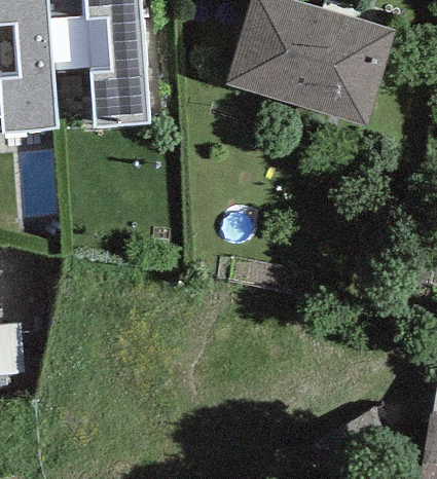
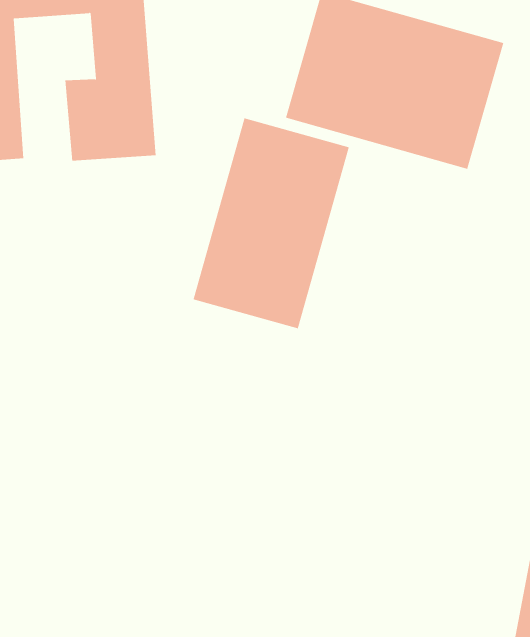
building: none -> [193,118,350,329]

